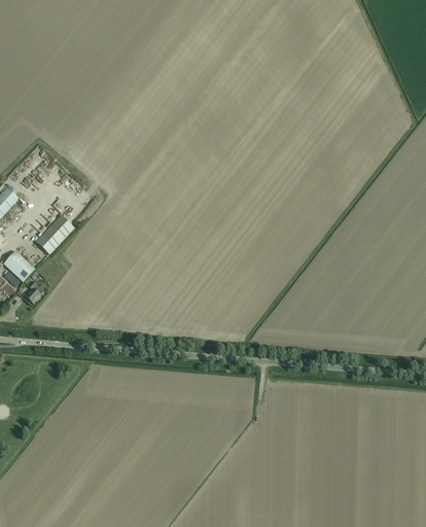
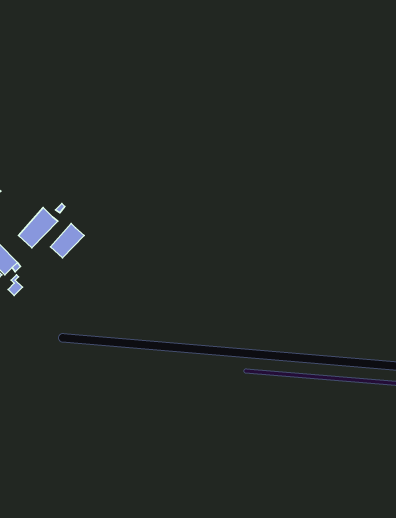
building: none -> [51,223,84,258]

